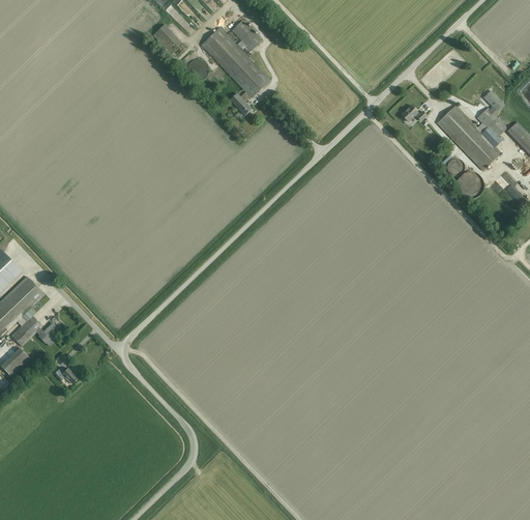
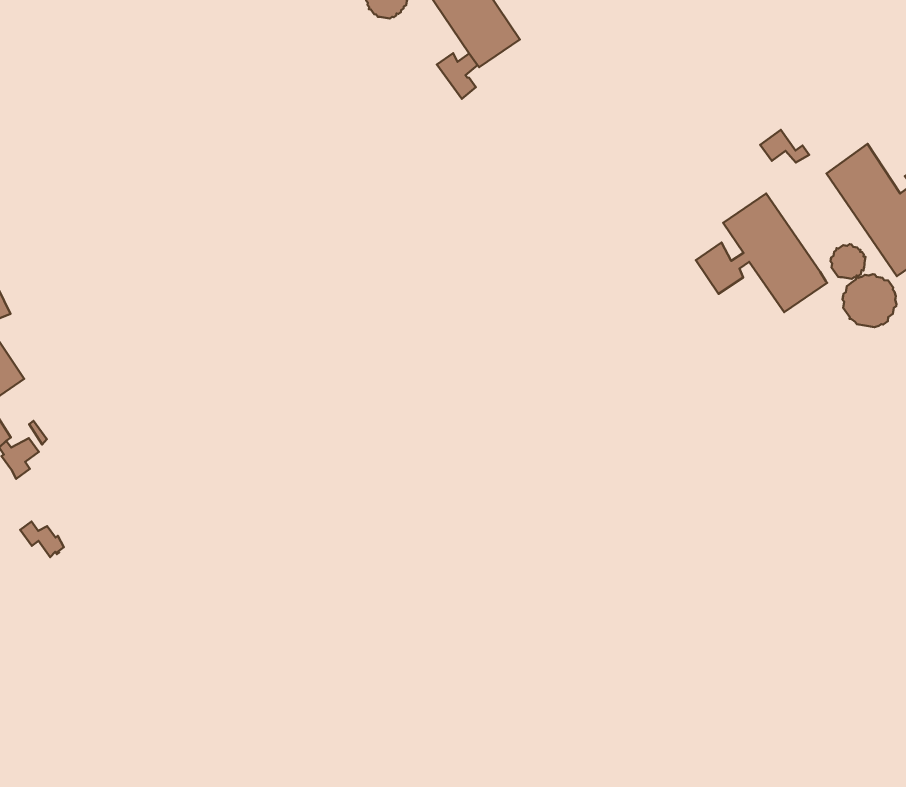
building: none -> [696,194,827,312]

